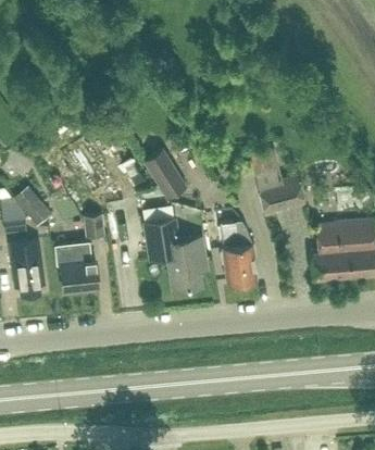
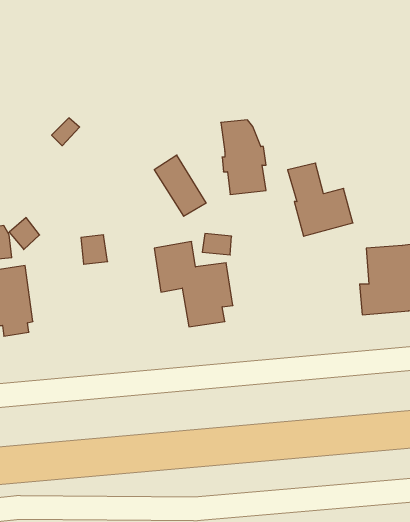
building: [220,222,257,283] -> [221,120,266,194]
building: [54,242,98,291] -> none

